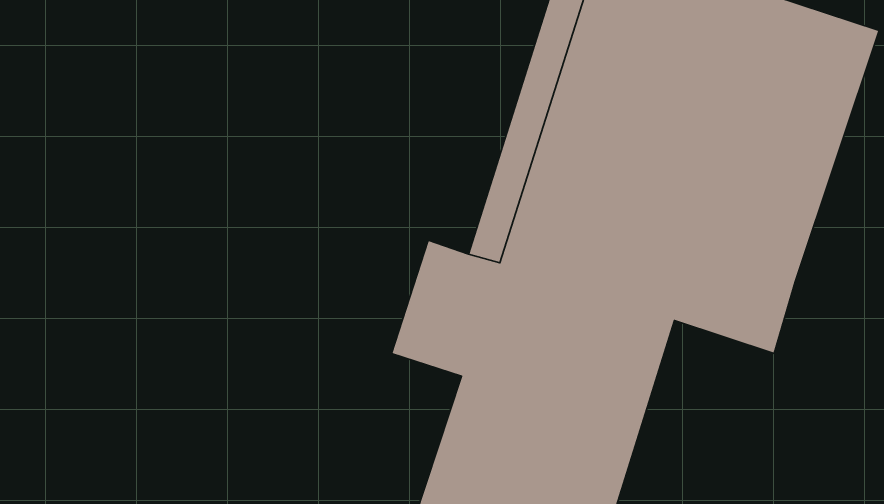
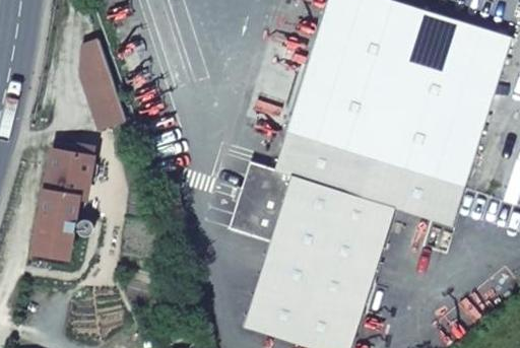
building: none -> [80,39,123,127]
building: none -> [36,143,93,255]

